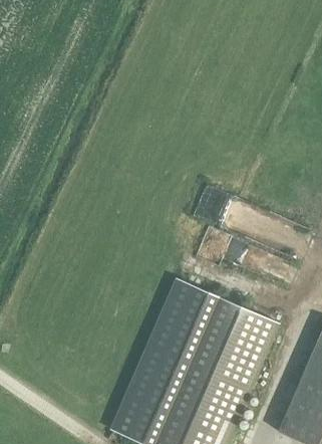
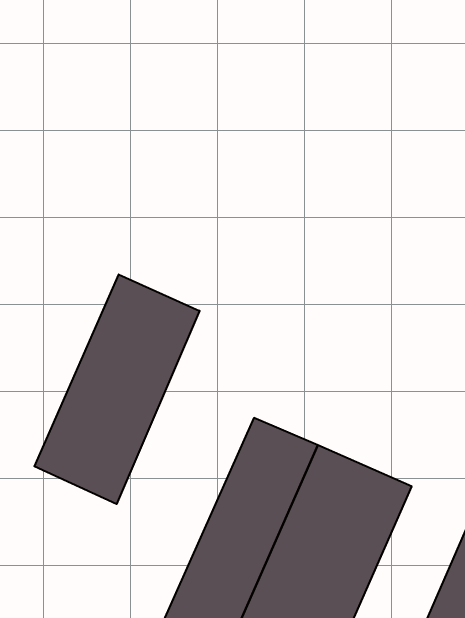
building: none -> [34,274,200,504]

